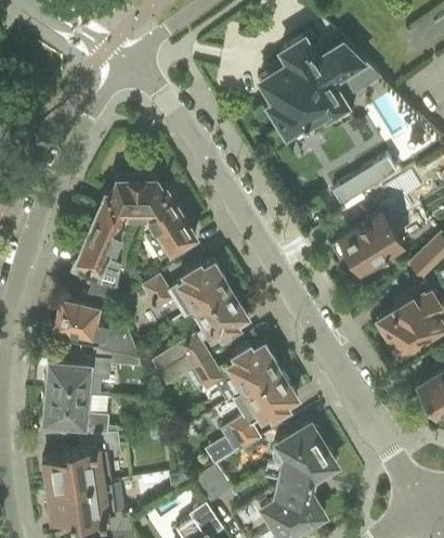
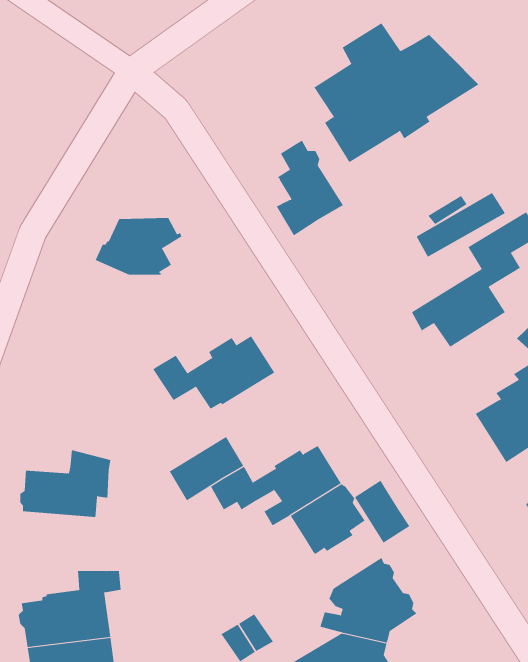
building: [146,191,196,261] -> [276,140,344,236]
building: [71,209,129,304] -> none
building: [193,292,249,346] -> none
building: [53,299,138,362] -> none
building: none -> [354,480,410,544]
building: [42,394,118,437] -> none
building: [222,414,259,457] -> none

